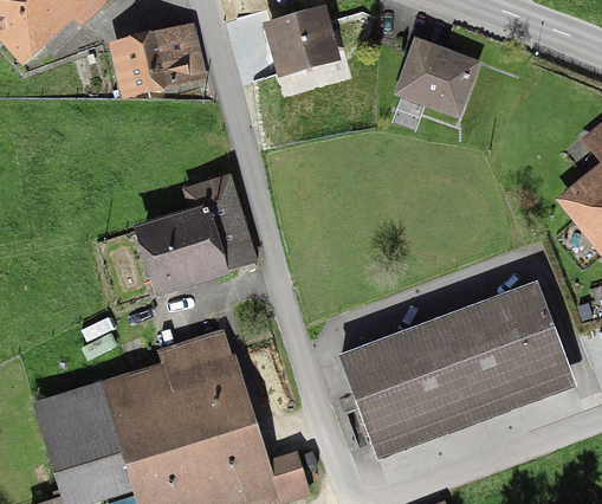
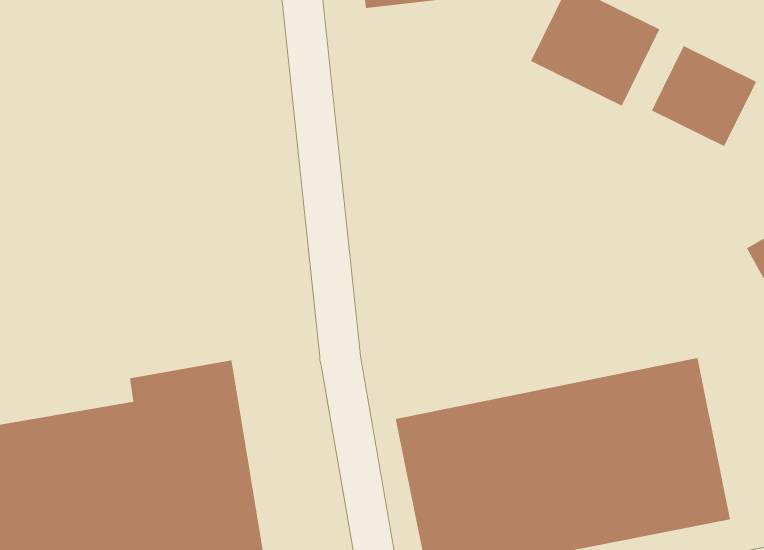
building: none -> [651,45,757,147]
building: [129,175,258,298] -> none

